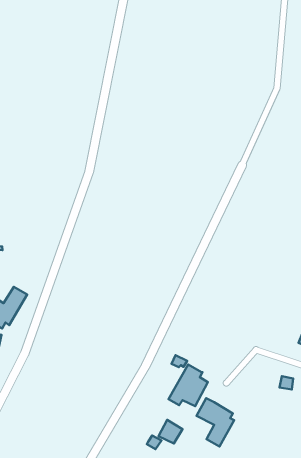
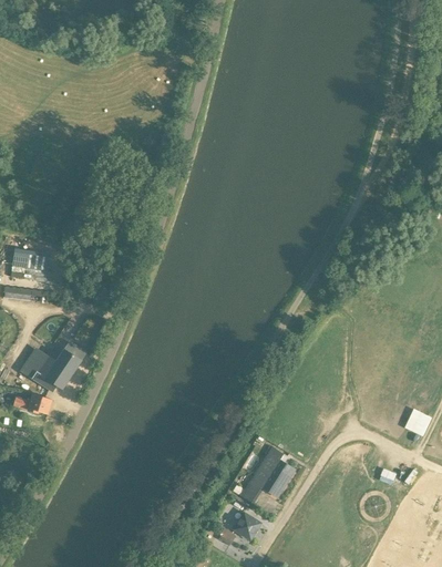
building: [197,398,234,447] -> none

